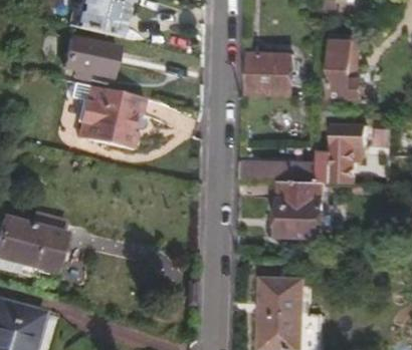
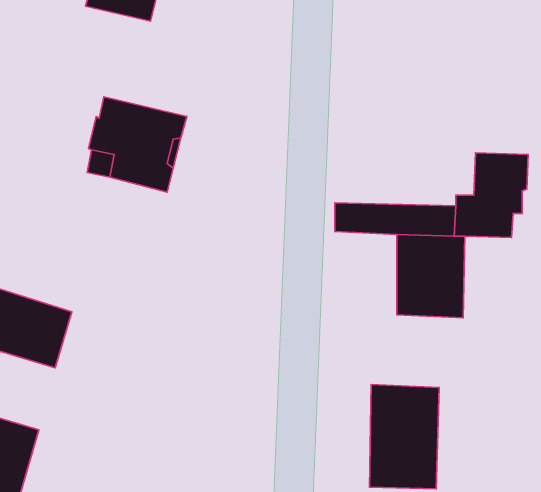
building: [329,36,361,99] -> none
building: [59,38,115,77] -> none
building: [248,54,291,96] -> none

